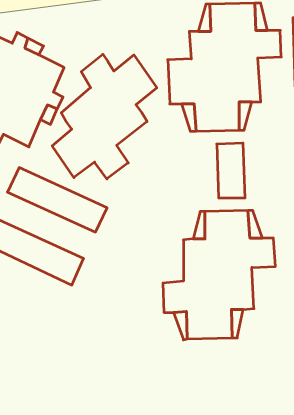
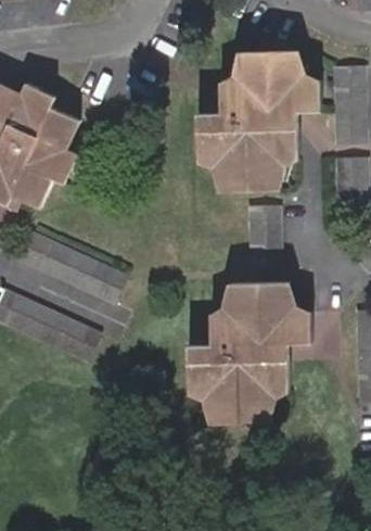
building: [52,54,157,179] -> none

